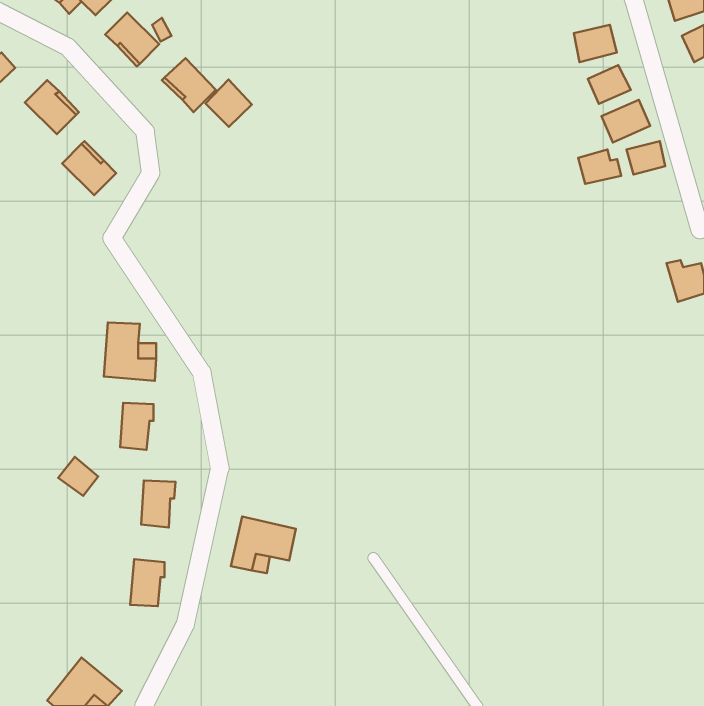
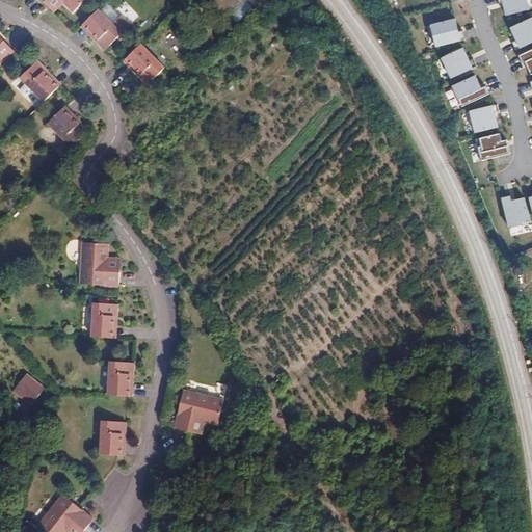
building: [205,80,252,127] -> none
building: [578,149,621,184] -> [479,132,511,158]
building: [58,457,98,496] -> [11,374,42,403]

